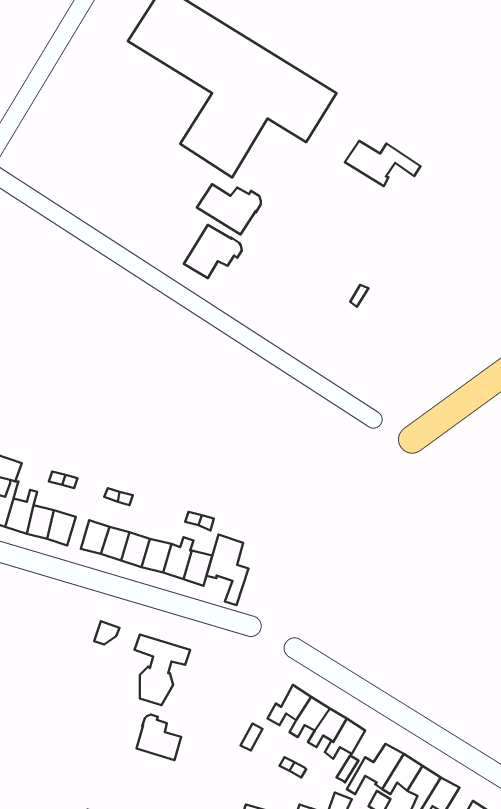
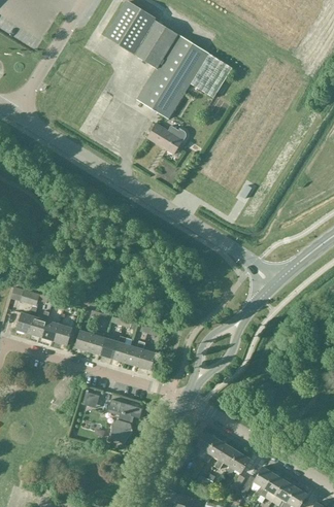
building: [345,141,421,186] -> none
building: [184,225,242,278] -> none
building: [206,534,249,605] -> none
building: [137,714,181,760] -> none

